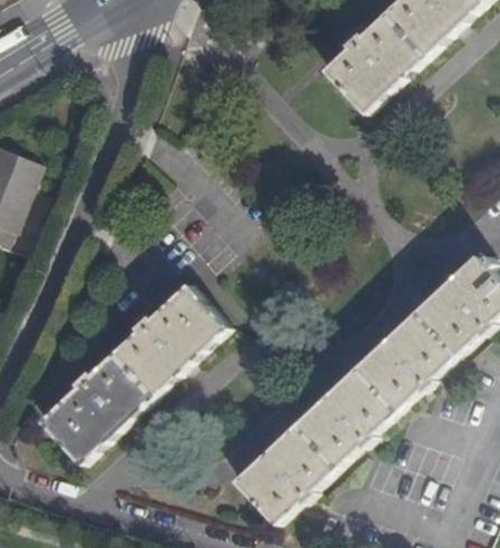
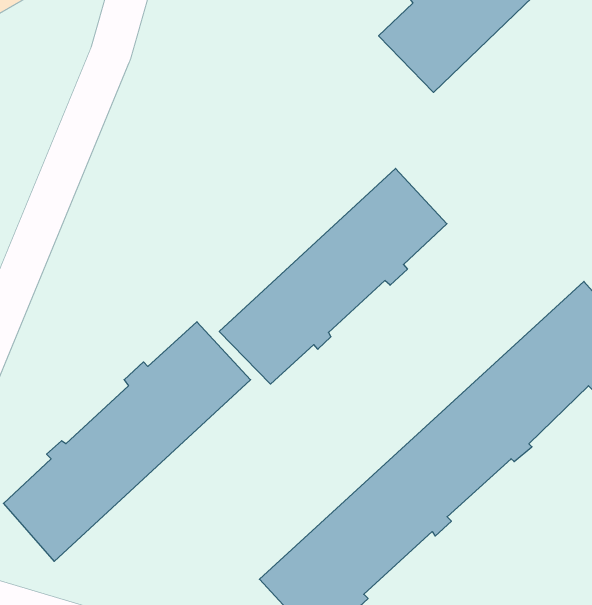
building: none -> [219,168,447,384]

